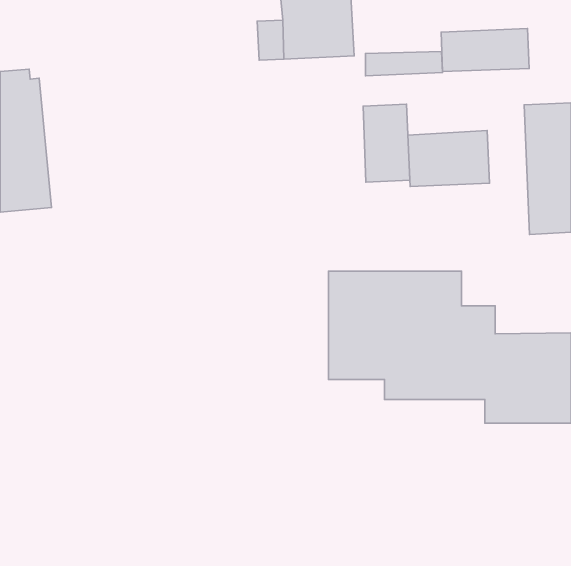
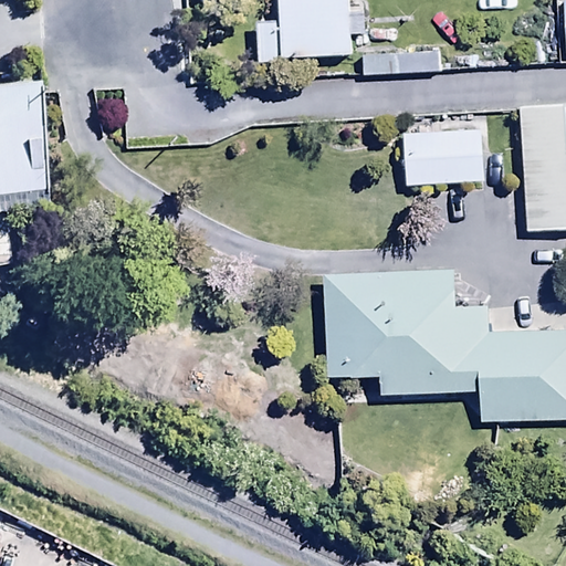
building: [441,28,529,71] -> none
building: [363,104,410,182] -> none

